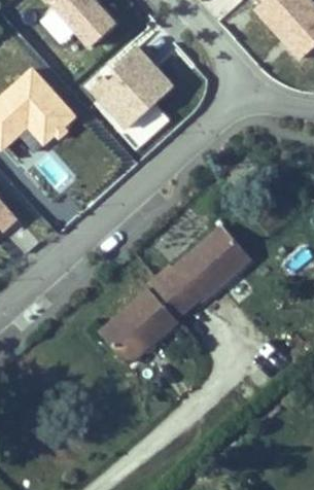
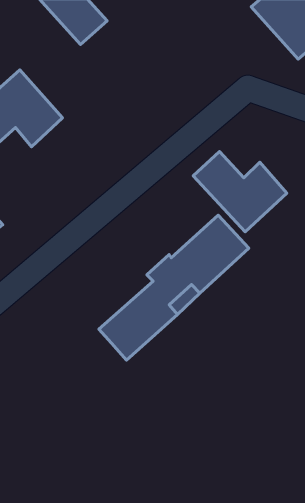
building: [85,47,176,150] -> none
building: none -> [193,152,287,232]

